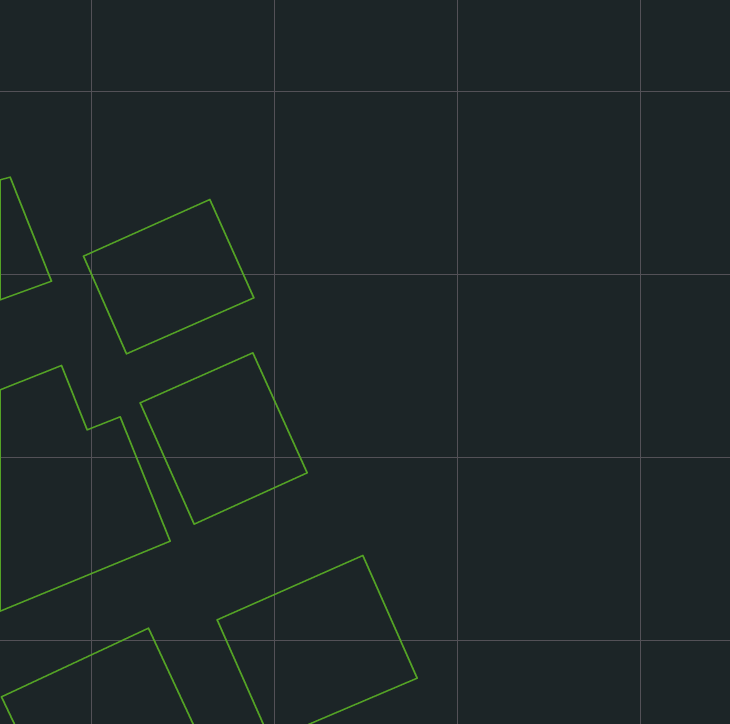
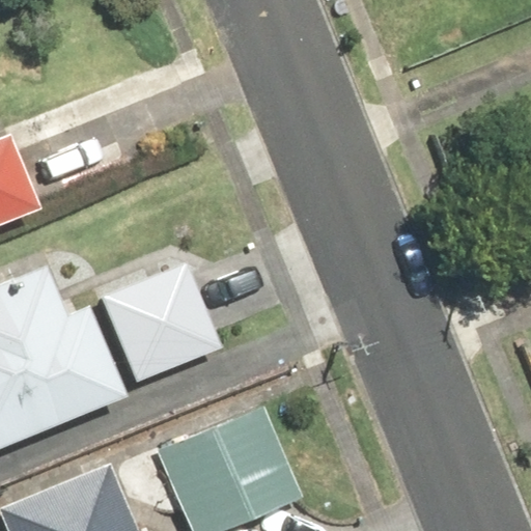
building: [84,199,254,354] -> none

